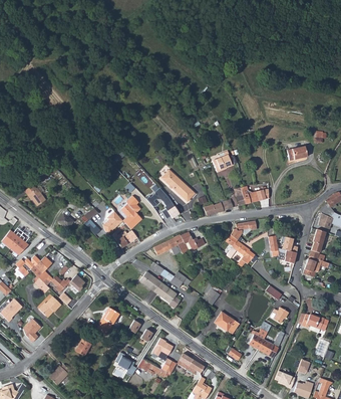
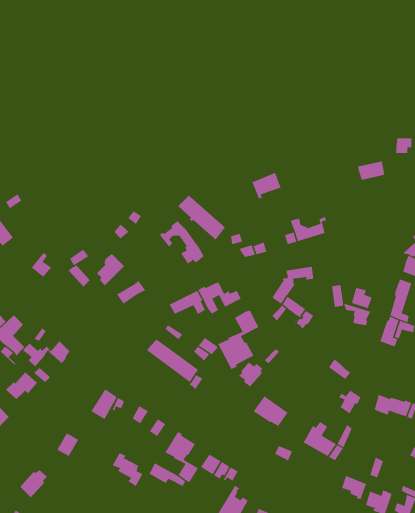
building: [121,197,141,229] -> none
building: none -> [217,310,259,370]

